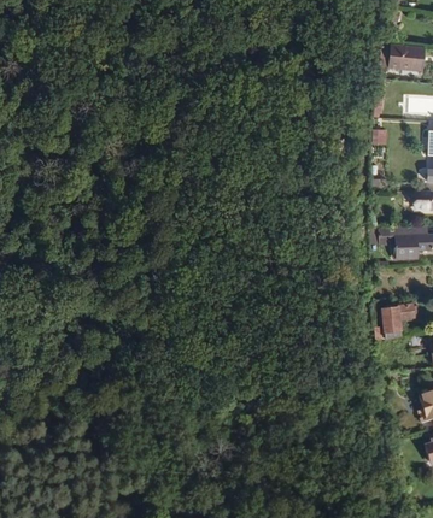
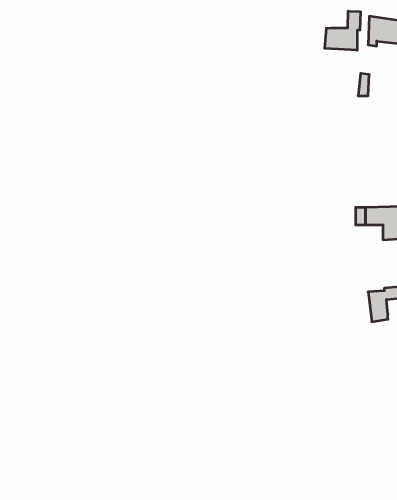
building: none -> [325,11,360,50]

